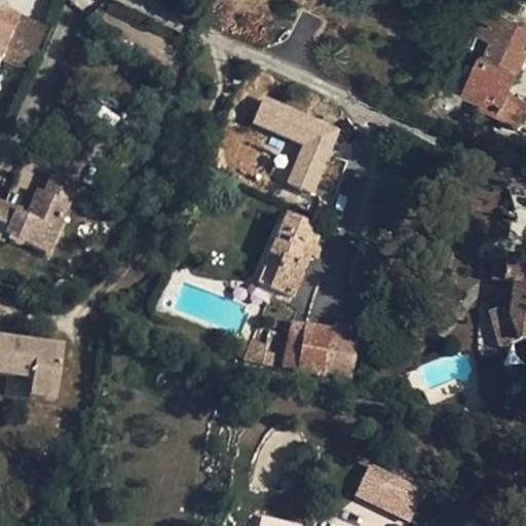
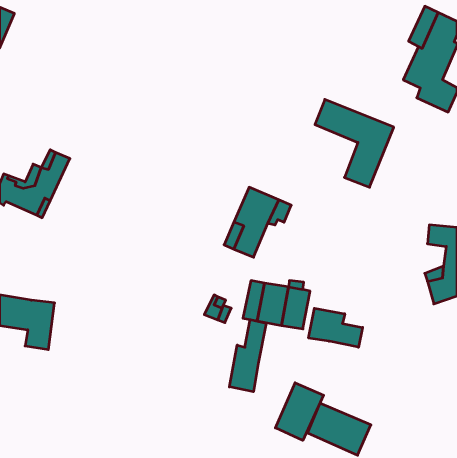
building: [251,95,341,195] -> [315,99,394,187]
building: none -> [309,308,363,347]
building: none -> [229,320,266,392]
building: none -> [275,383,324,440]

